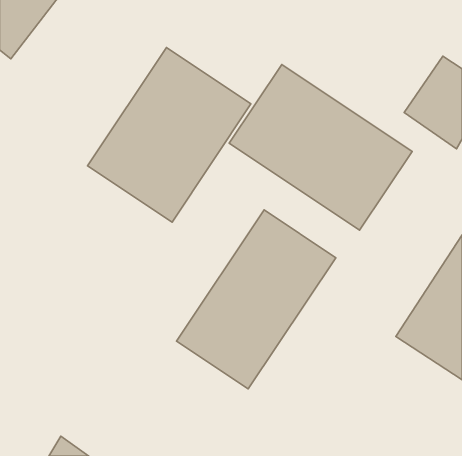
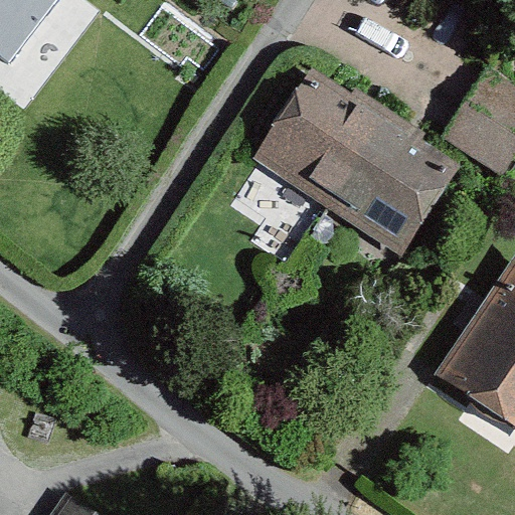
building: [88,48,251,222] -> none
building: [177,210,336,389] -> none

